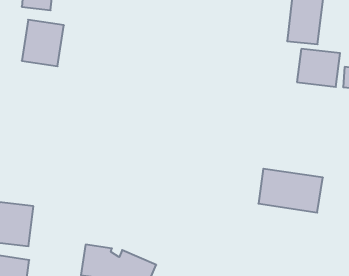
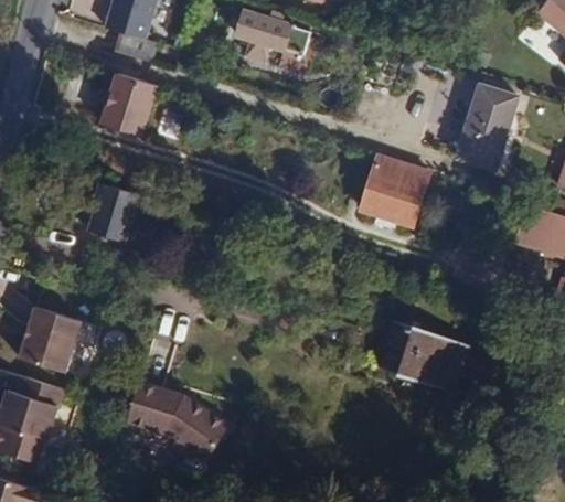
building: [297,49,340,87] -> [362,168,426,226]
building: none -> [87,183,139,242]

